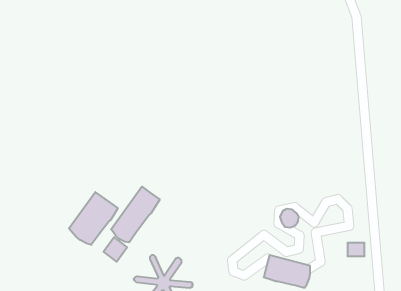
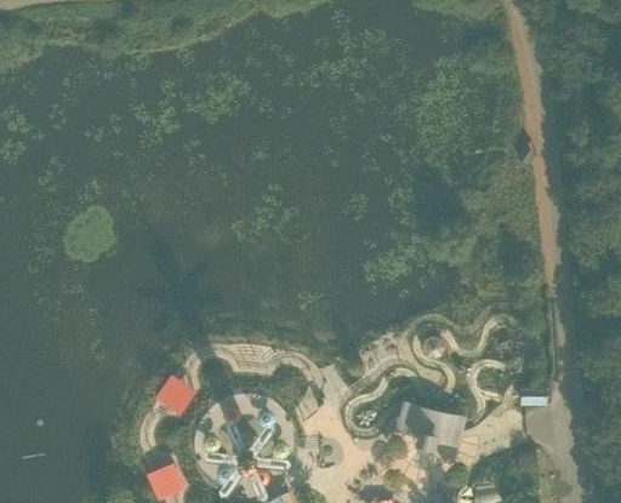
building: [111,187,160,242] -> none
building: [69,192,118,245] -> none

